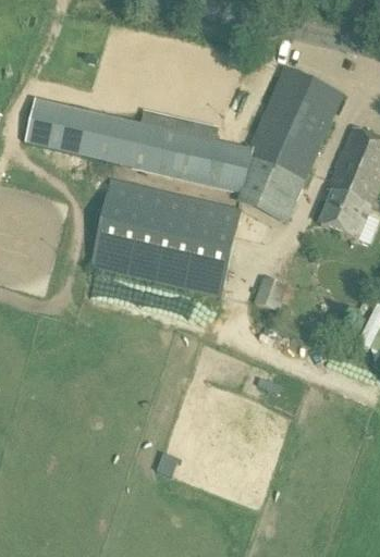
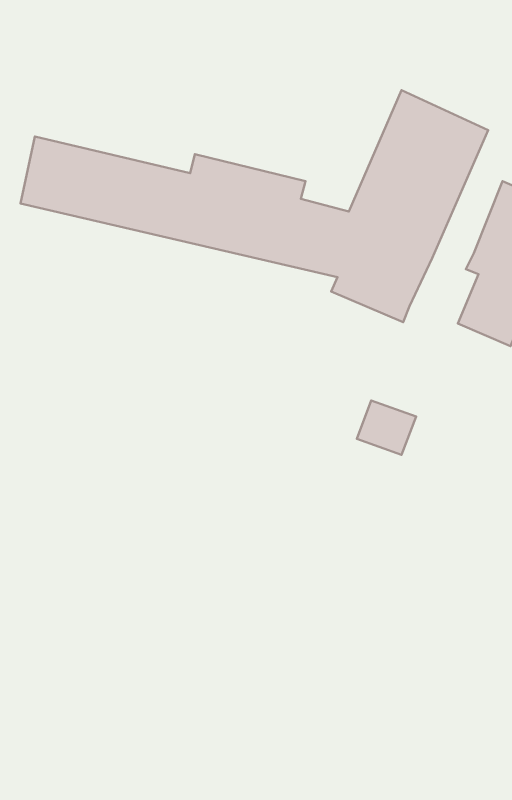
building: [89,178,240,297] -> none

